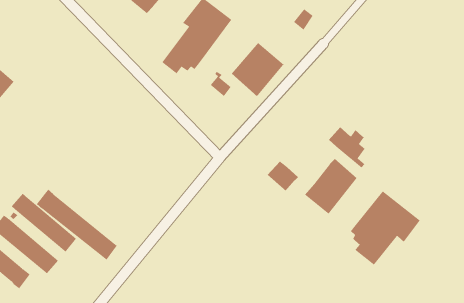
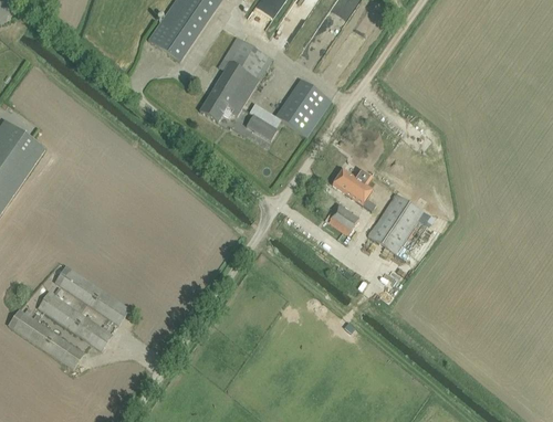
building: [328,126,366,168] -> [332,169,374,211]
building: [36,189,118,260] -> none
building: [350,190,420,266] -> none

